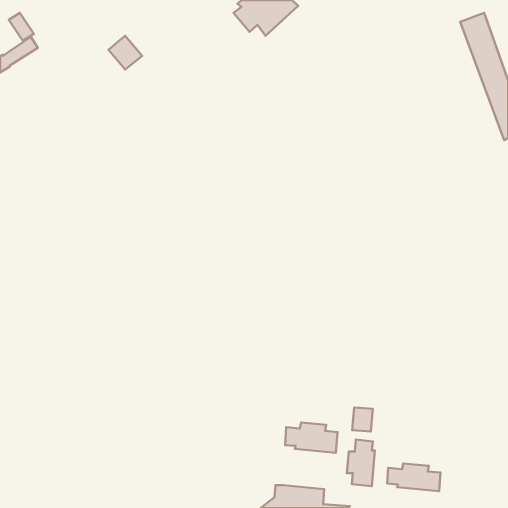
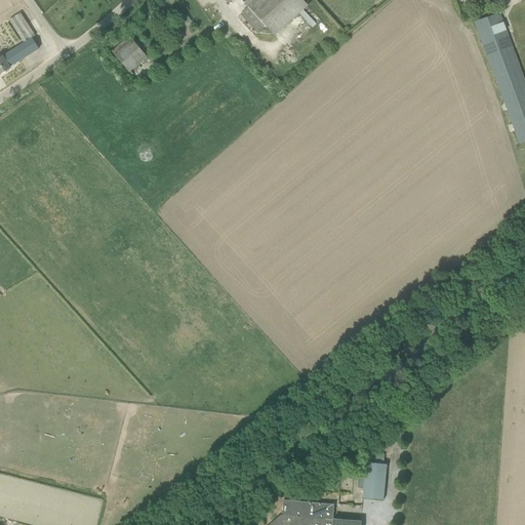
building: [352,407,373,431] -> none
building: [285,422,338,453] -> none
building: [387,464,441,491] -> none

